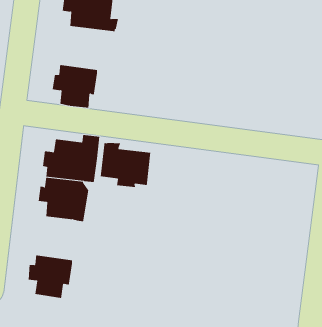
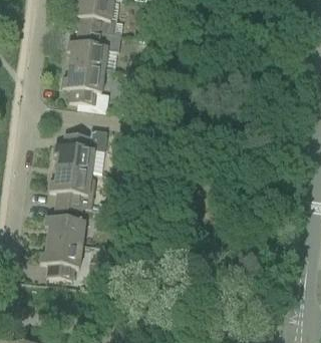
building: none -> [66,31,120,72]
building: [100,142,151,188] -> none
building: none -> [44,206,84,246]

